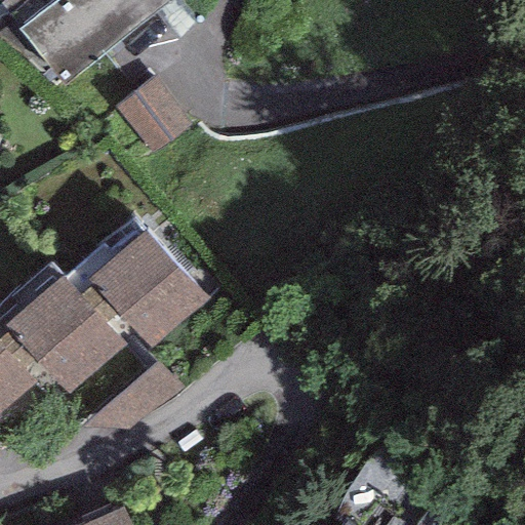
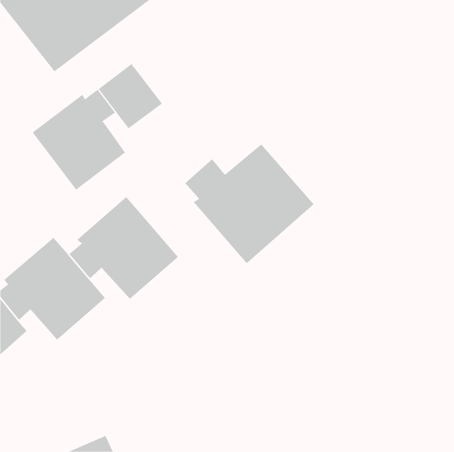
building: none -> [32,89,126,191]
building: none -> [185,143,315,264]

